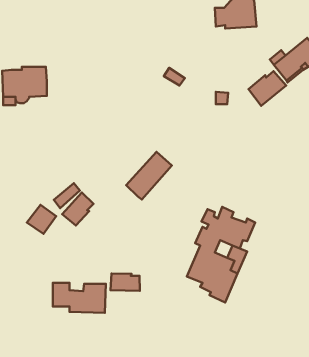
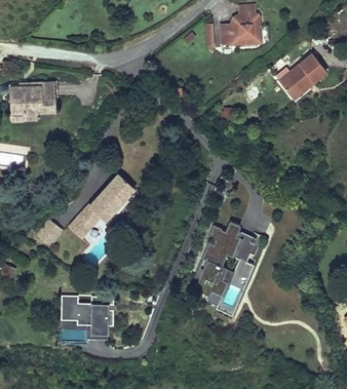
building: [248,71,286,106] -> none
building: [126,152,172,200] -> [89,174,134,222]
building: [110,273,140,291] -> none

